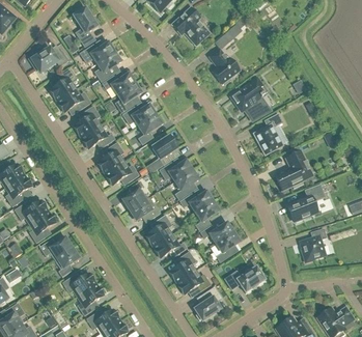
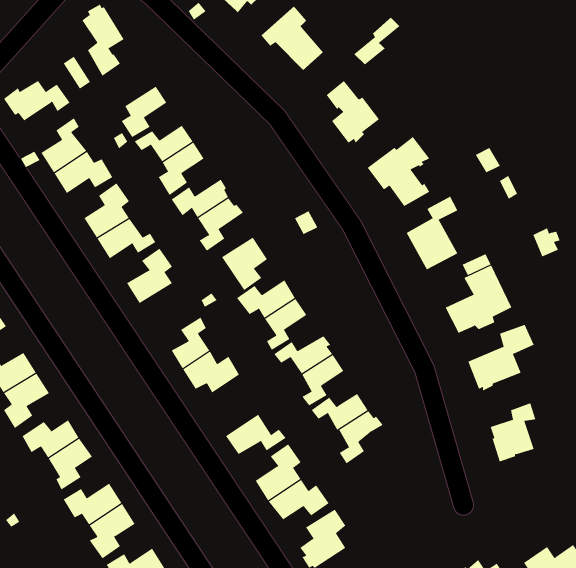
building: [80,41,114,63] -> none
building: [105,162,138,185] -> none
building: [145,215,171,247] -> none
building: [224,266,264,292] -> none

